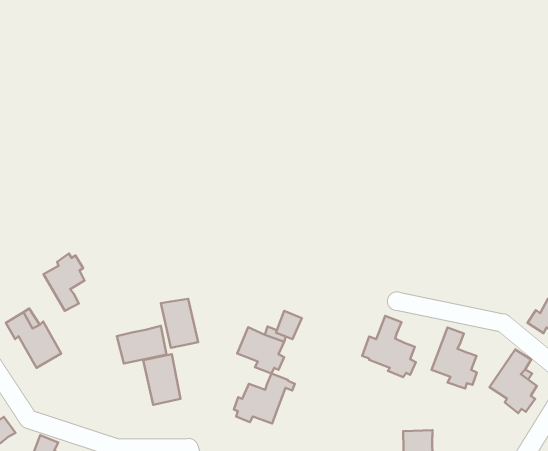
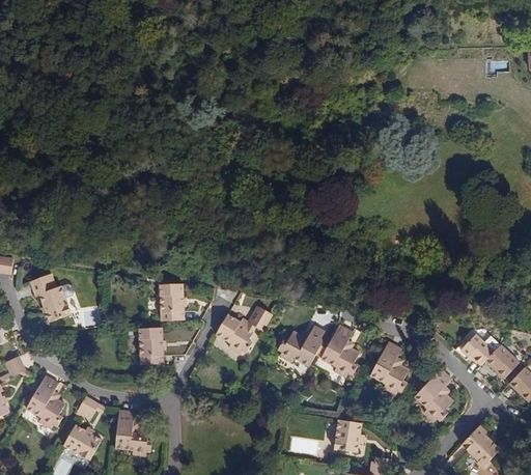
building: [43,254,84,311] -> none
building: [117,326,166,363] -> none
building: [234,373,295,424] -> [279,326,332,366]

